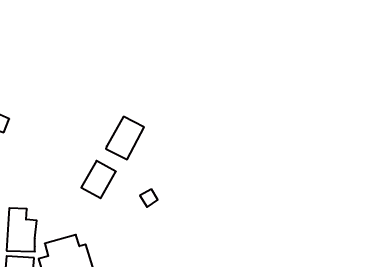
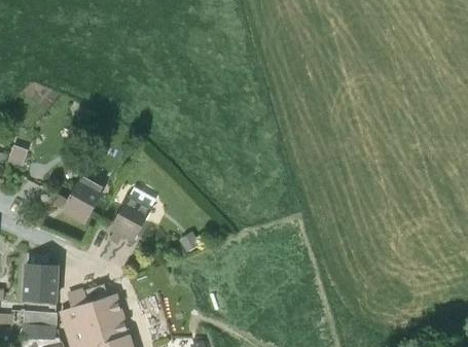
building: [106,117,144,159] -> [60,175,104,224]

